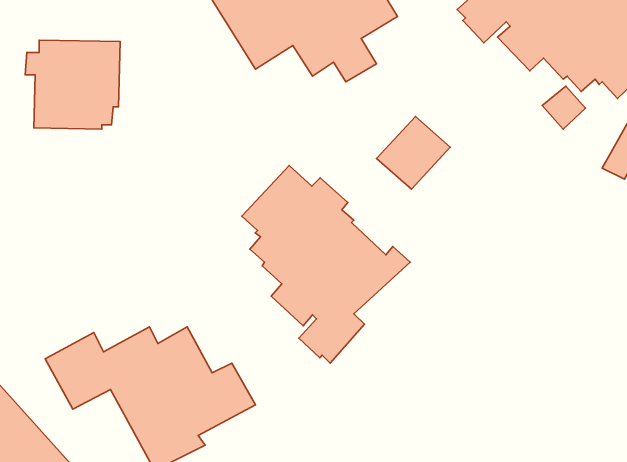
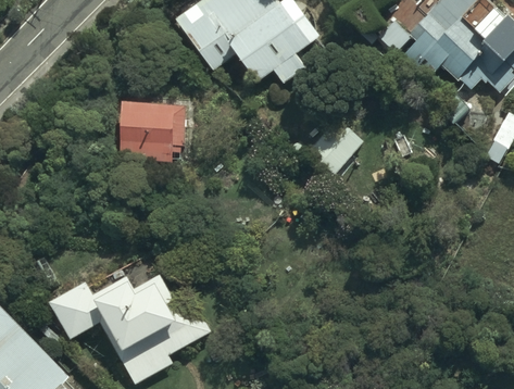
building: [25,40,120,129] -> [113,96,187,165]
building: [242,165,410,363] -> none

